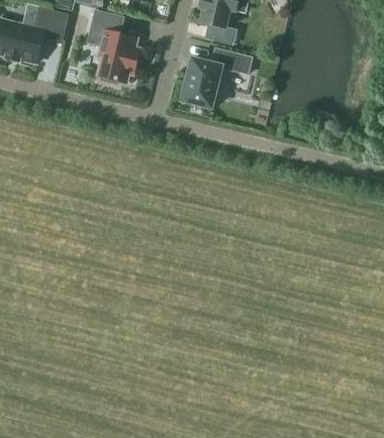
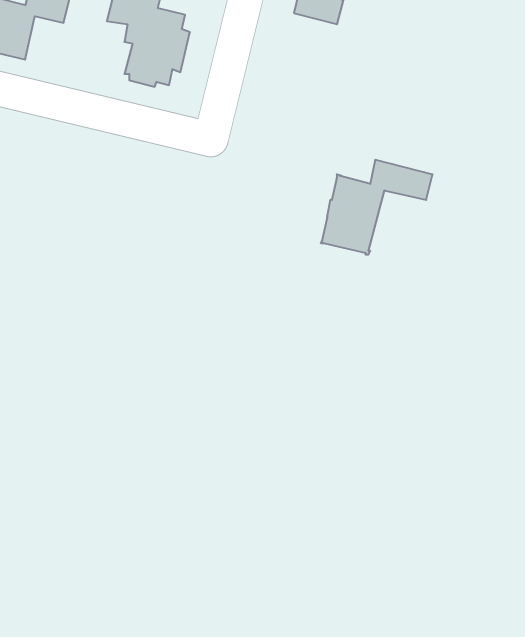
building: [181,47,252,107] -> [321,160,433,254]

